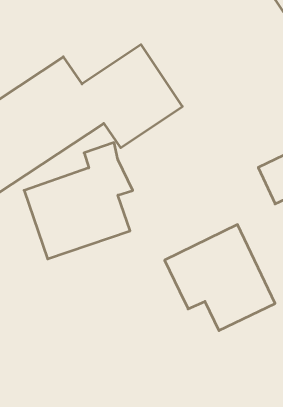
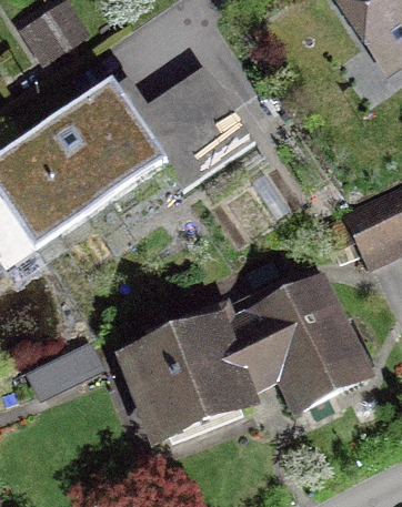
building: [24,143,133,259] -> [121,302,250,439]

